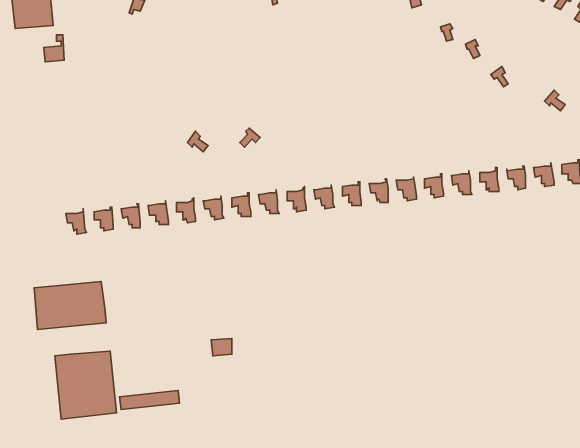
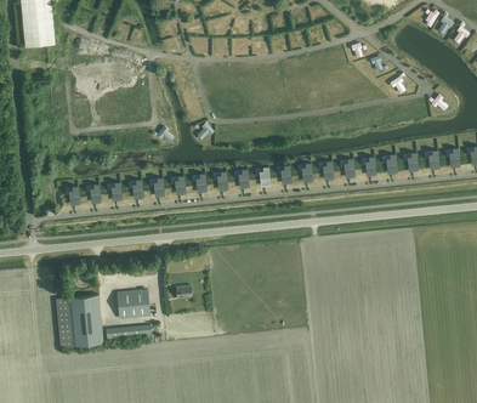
building: [34,281,106,330] -> none
building: none -> [118,289,149,317]

